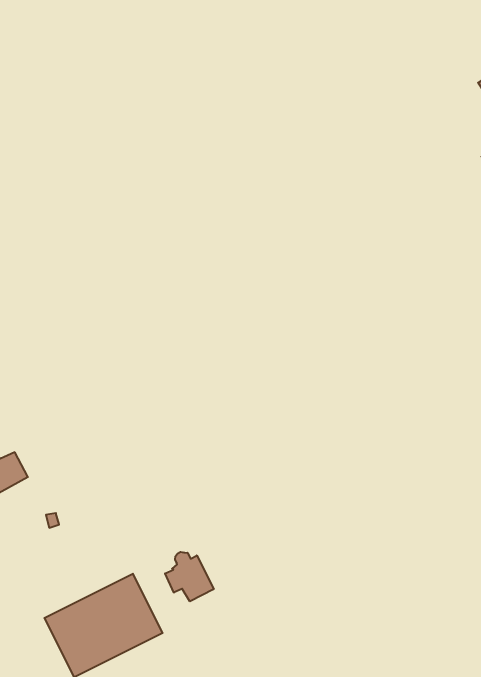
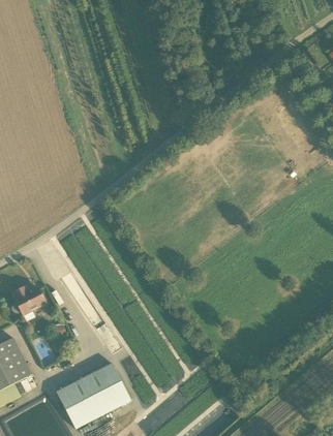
building: [165,552,214,601] -> none

